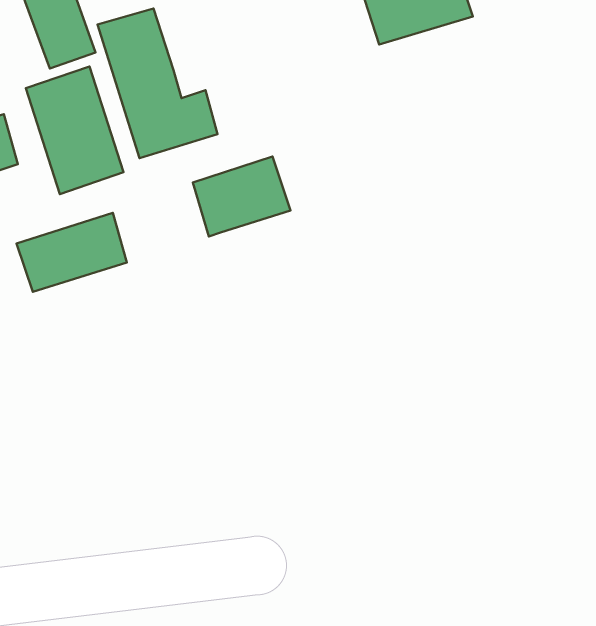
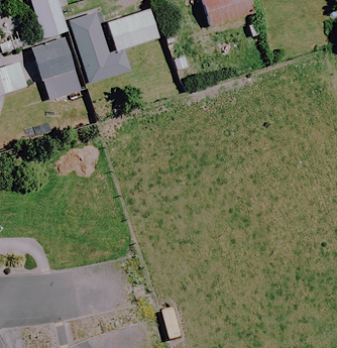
building: [193,156,291,236] -> [108,9,157,49]
building: [17,213,127,292] -> none

